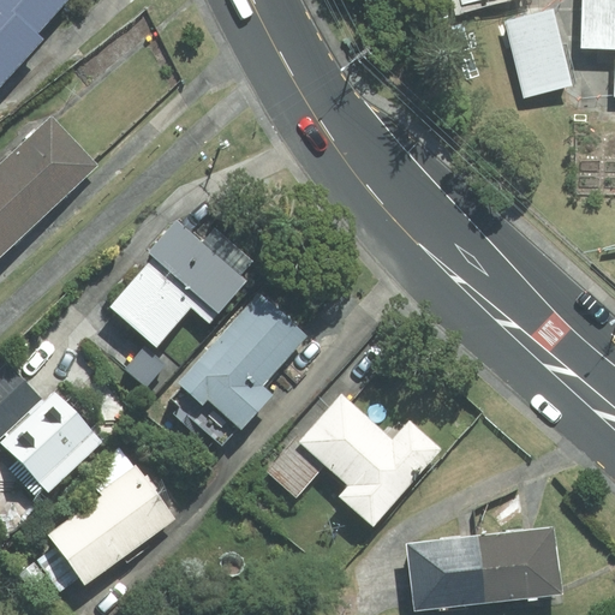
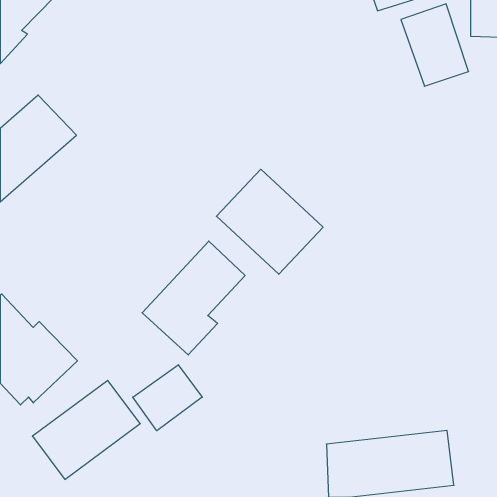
building: none -> [216,169,323,274]
building: [107,227,243,346] -> none
building: [292,389,441,530] -> none
building: none -> [133,365,202,431]

